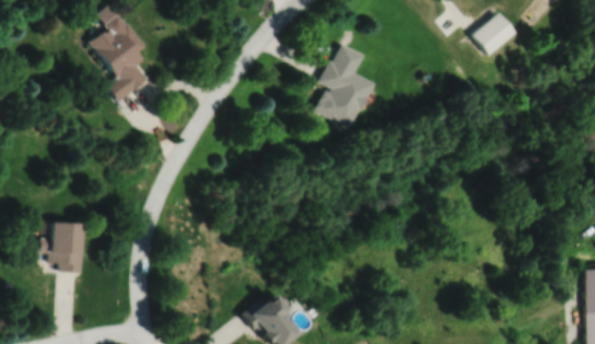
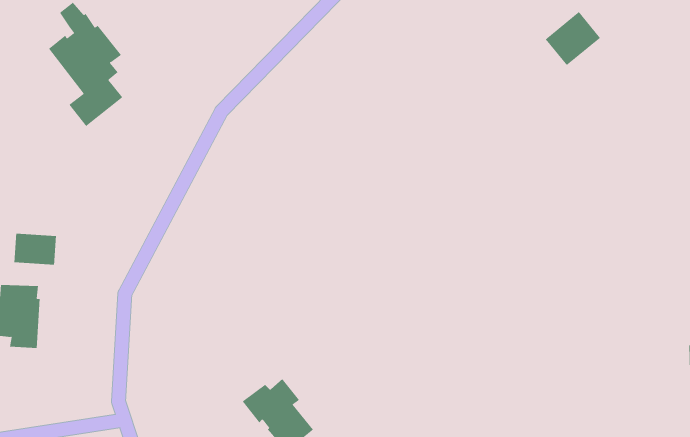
building: [316,43,374,128] -> none
building: none -> [14,233,56,266]

